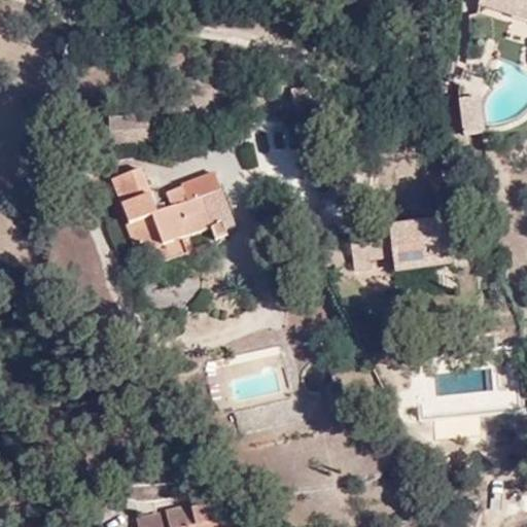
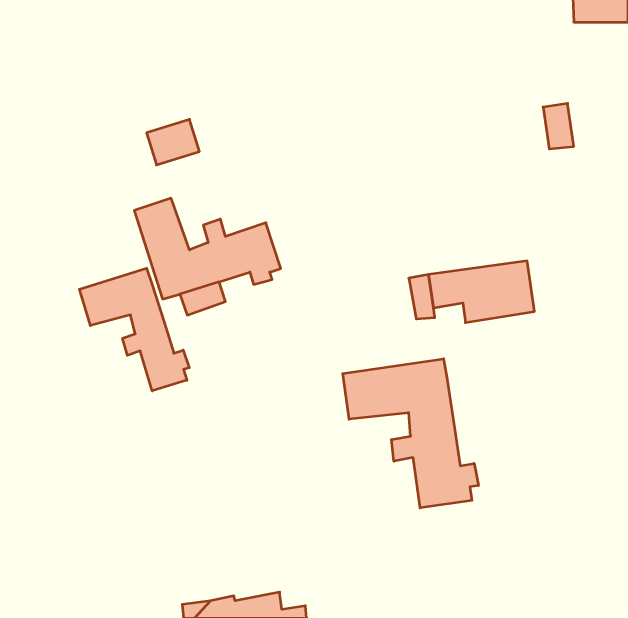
building: none -> [79,268,189,391]
building: none -> [343,359,478,508]

